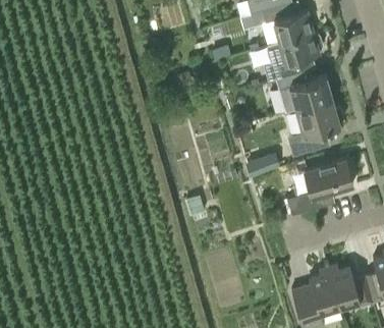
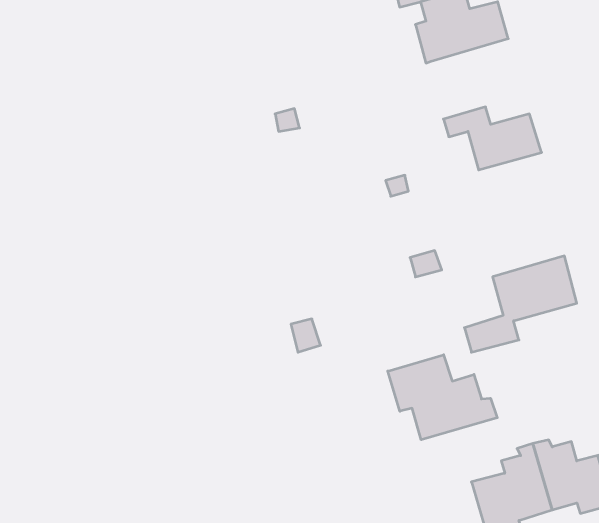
building: [262,32,323,80] -> none
building: [288,98,344,155] -> none
building: none -> [388,355,497,440]

